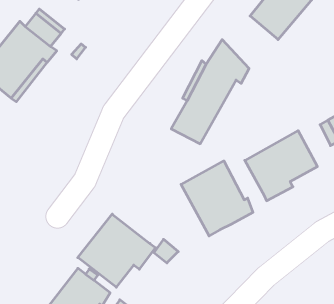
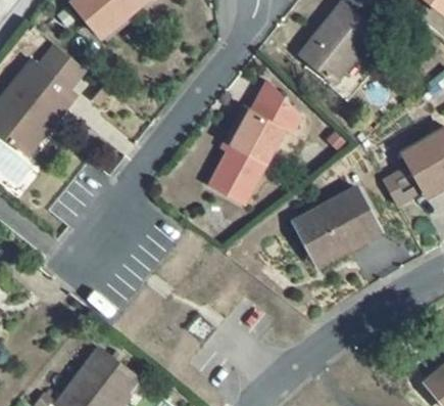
building: [181,161,253,236] -> none
building: [78,214,156,287] -> none

